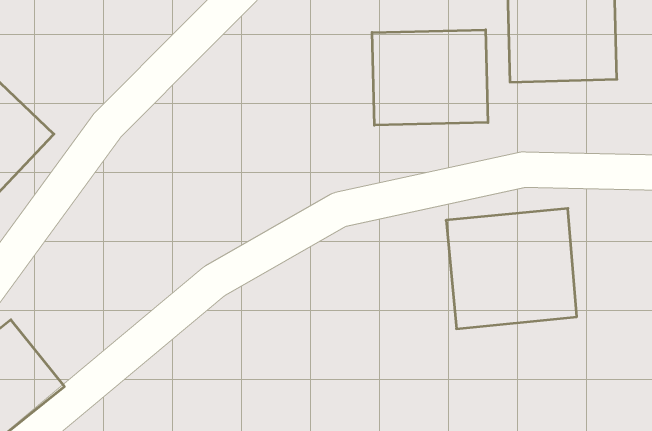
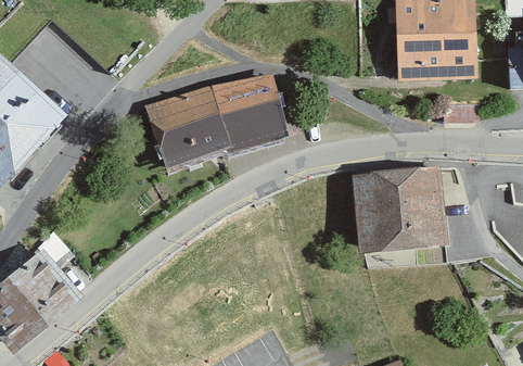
building: [372,30,488,125] -> none
building: none -> [146,80,285,169]

